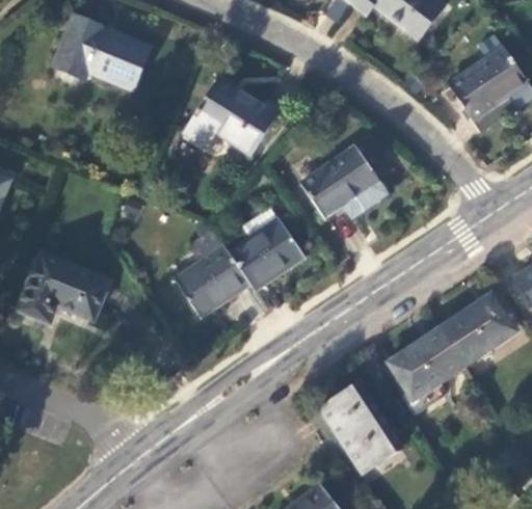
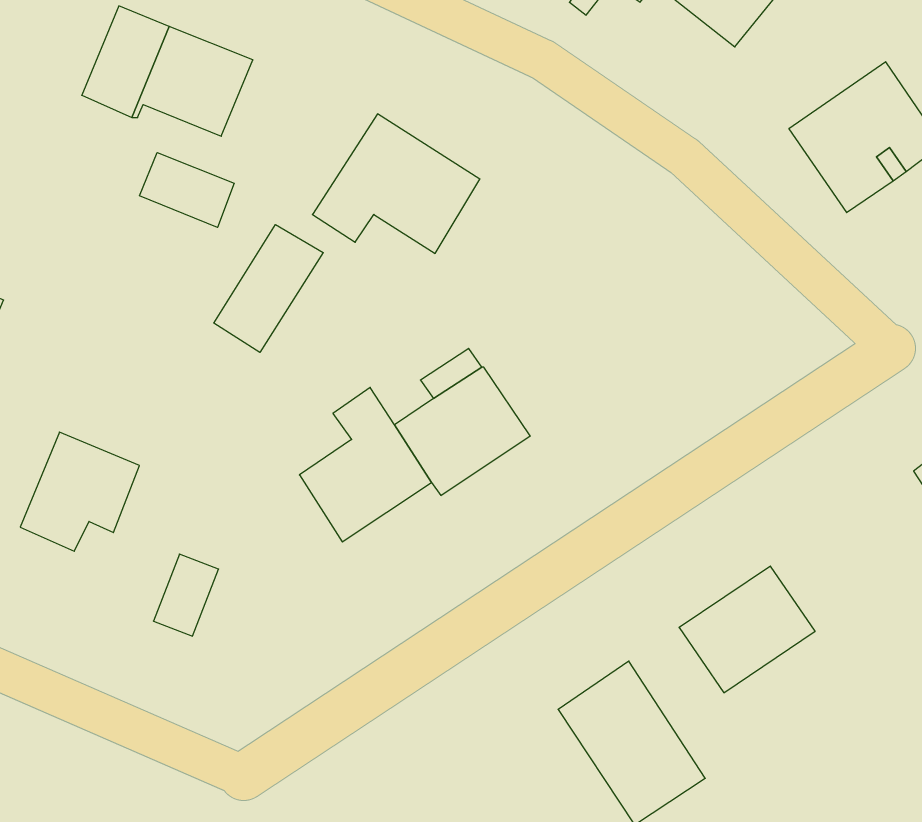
building: none -> [140,153,234,227]
building: none -> [214,225,323,352]
building: [299,145,388,219] -> none
building: [71,273,107,319] -> [153,554,219,636]
building: [437,294,514,366] -> none

